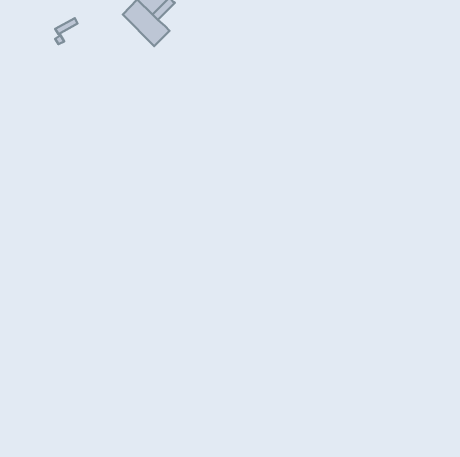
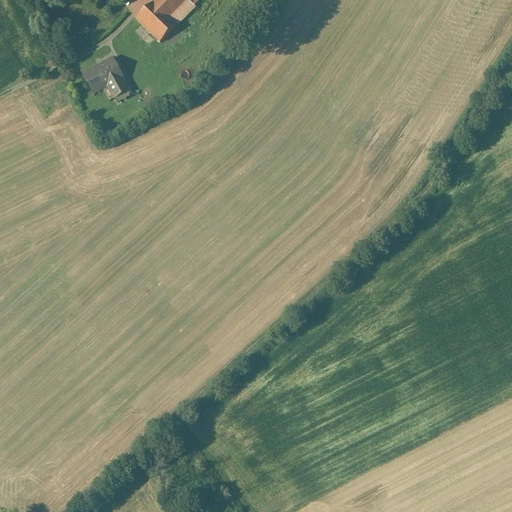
building: none -> [83,56,126,94]

